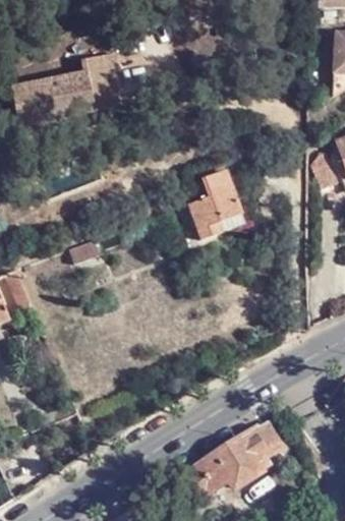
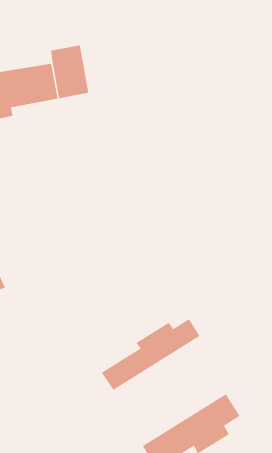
building: [189,169,241,237] -> none
building: none -> [101,318,201,391]

